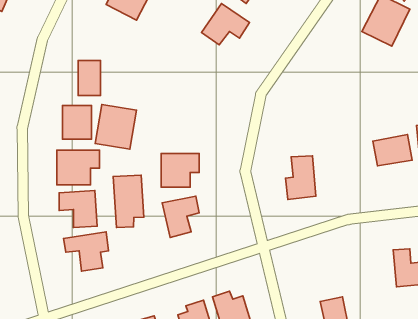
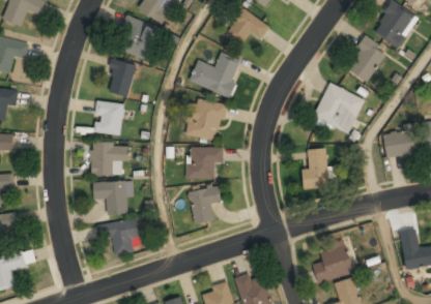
building: none -> [115,17,160,60]
building: none -> [346,37,389,83]
building: none -> [189,52,243,97]
building: none -> [314,84,365,134]
building: [95,104,136,149] -> [186,99,225,141]
building: [113,175,144,227] -> none
building: none -> [313,245,354,283]

